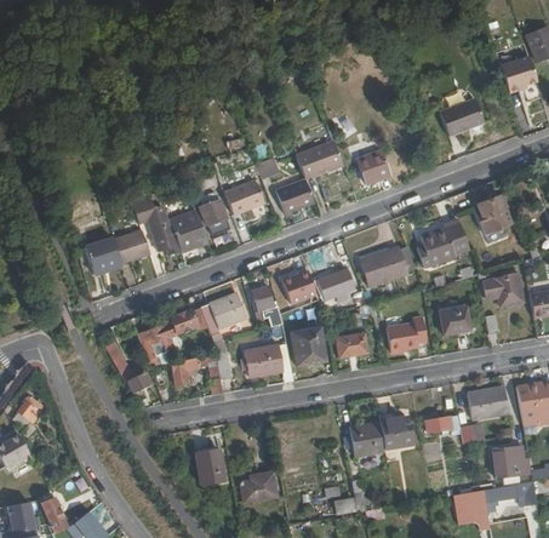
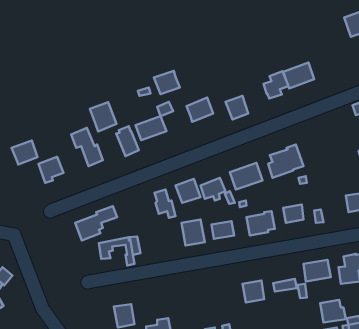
building: [502,56,538,93] -> none
building: none -> [264,71,288,98]
building: [275,178,313,212] -> [154,71,180,94]
building: [477,198,510,233] -> none
building: [168,210,207,252] -> [90,102,117,131]
building: [111,229,149,264] -> [12,140,38,165]
building: [484,271,522,303] -> none
building: [200,293,245,343] -> none
building: [245,345,282,376] -> none
building: [109,351,150,394] -> none
building: [349,422,384,453] -> none

